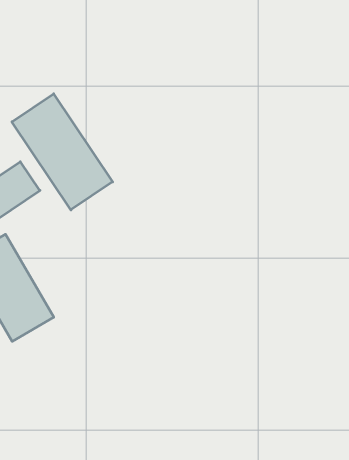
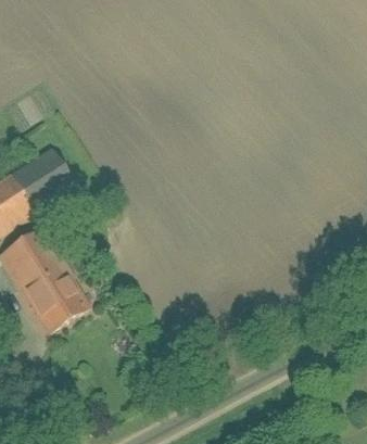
building: [12,94,113,210] -> none

